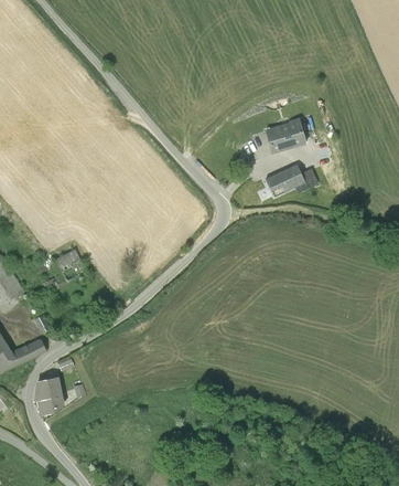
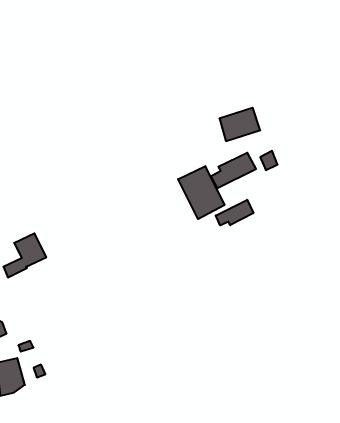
building: none -> [178,166,224,219]
building: none -> [216,200,253,225]

